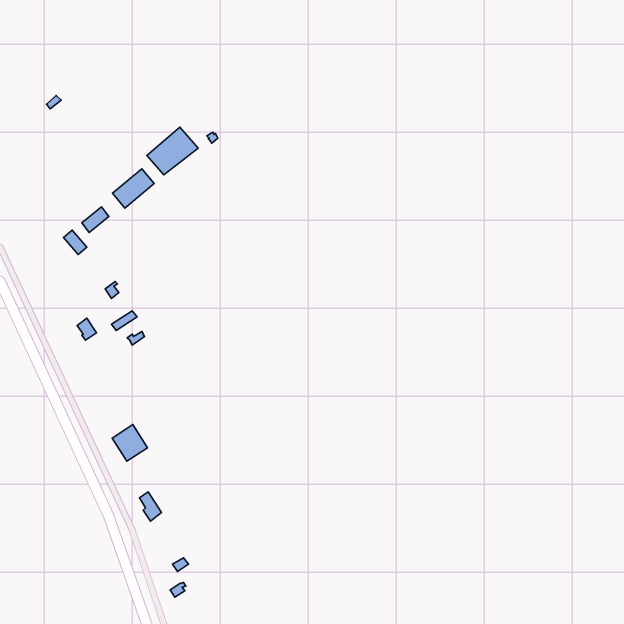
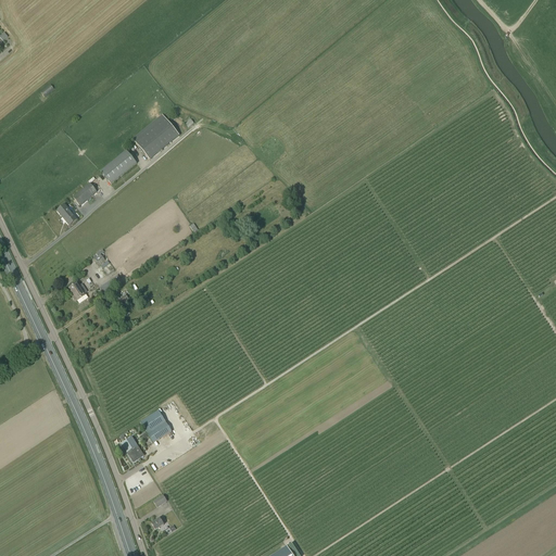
building: [112,425,147,461] -> [141,410,173,443]

